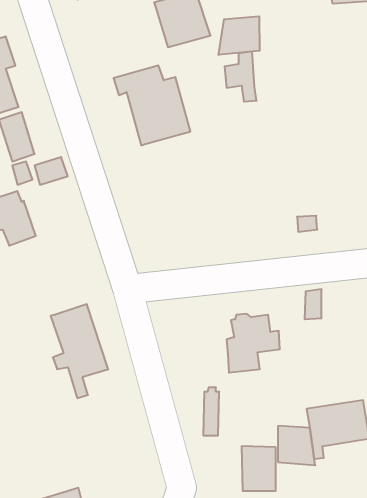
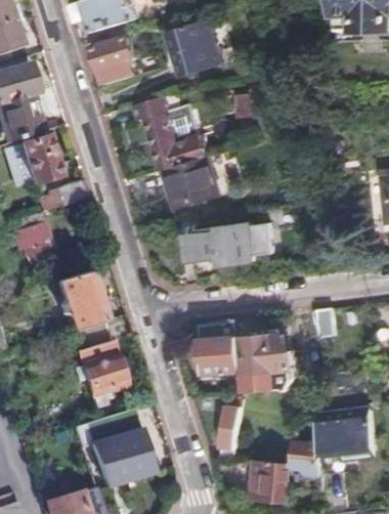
building: none -> [93,38,135,70]
building: [219,16,260,55] -> none
building: none -> [162,157,217,208]
building: none -> [187,224,274,264]
building: none -> [59,272,106,333]
building: none -> [203,320,242,374]
building: none -> [93,433,154,486]

